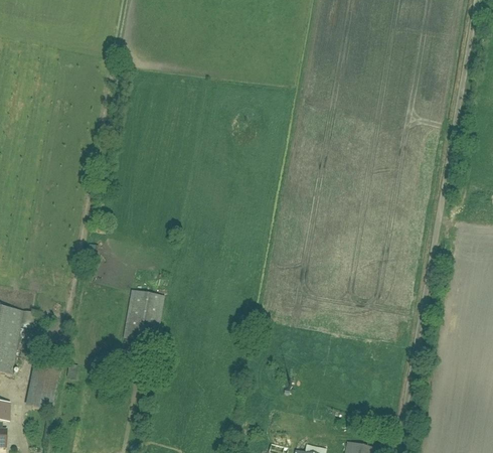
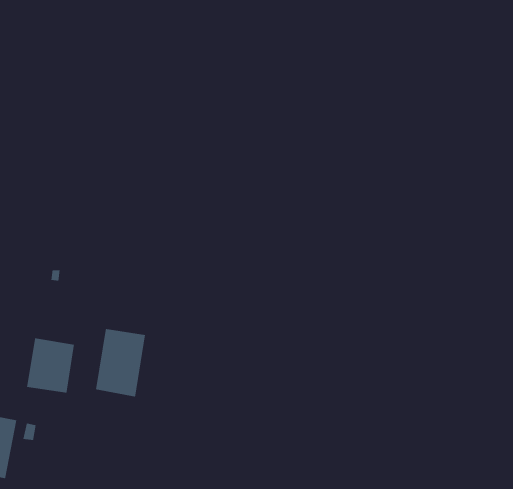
building: none -> [27,337,75,393]

